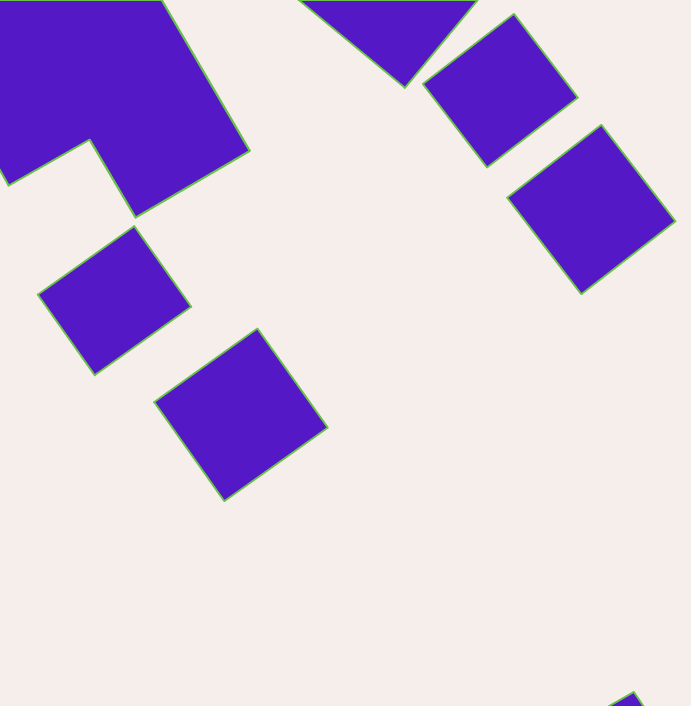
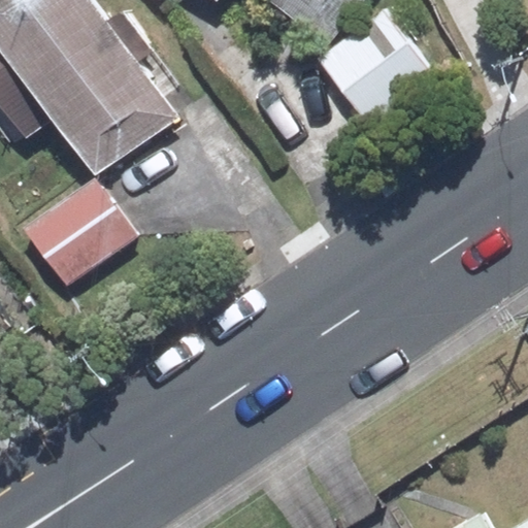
building: [507,125,676,294] -> none
building: [154,329,328,501] -> none

